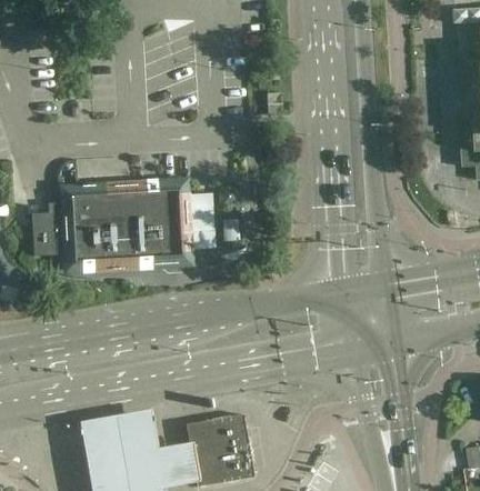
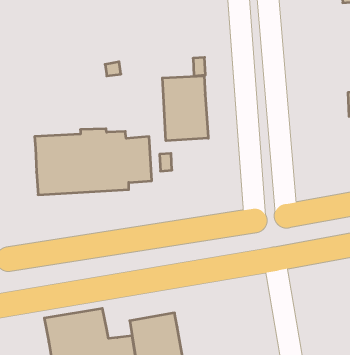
building: none -> [162,76,208,141]
building: [31,203,69,257] -> none

